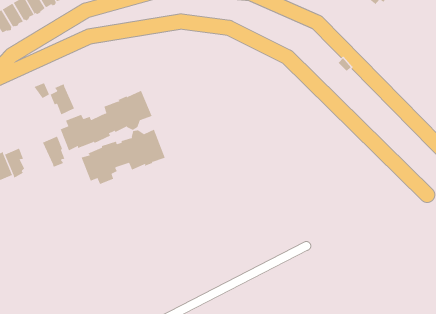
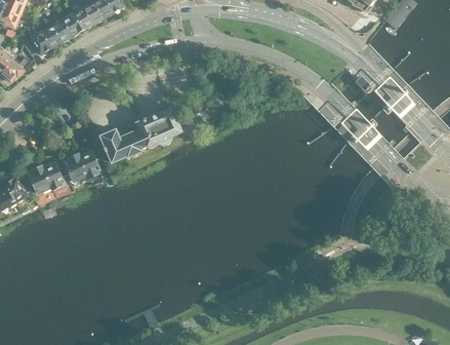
building: [50,83,75,115] -> [64,153,87,183]
building: [81,129,166,185] -> none

